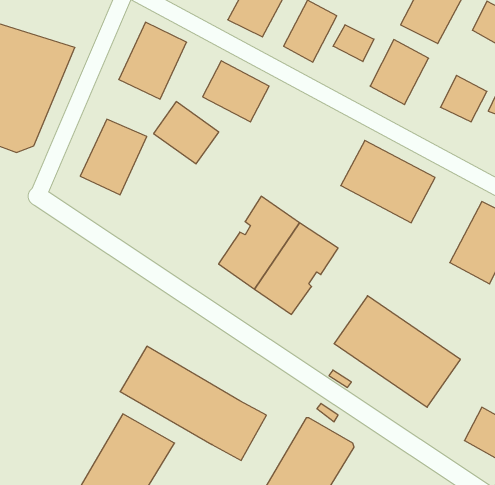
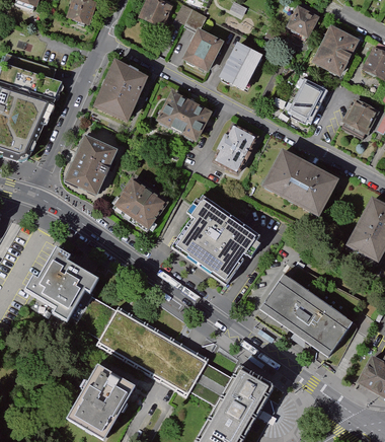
building: [333,25,374,62] -> none
building: [154,102,219,164] -> [113,178,163,226]
building: none -> [215,126,255,172]
building: none -> [23,246,98,321]

